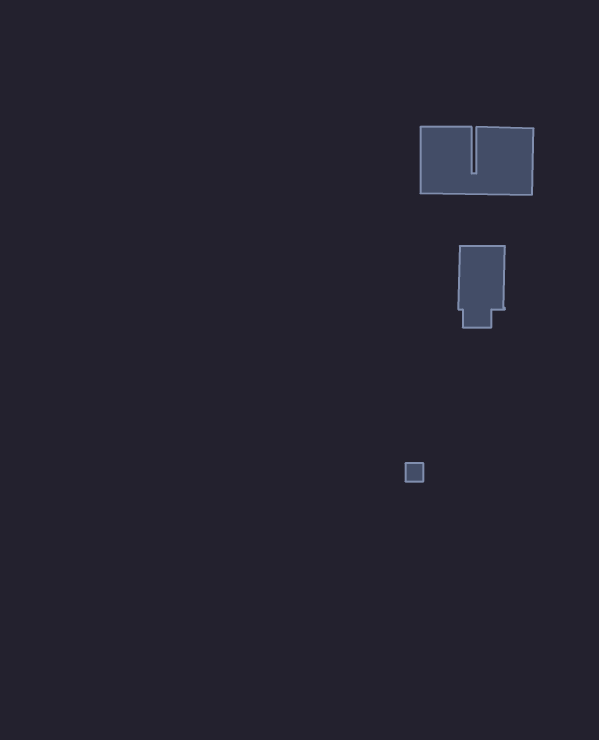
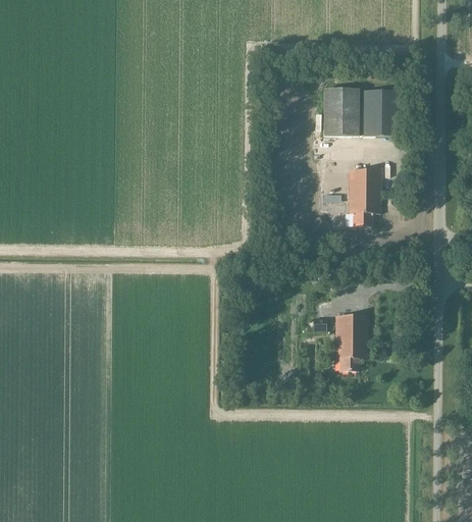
building: none -> [335,315,367,370]

